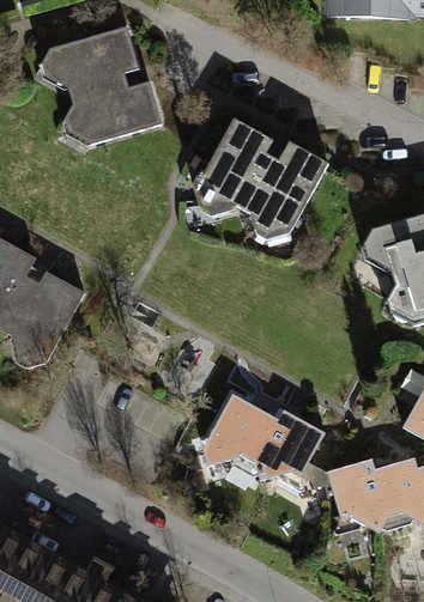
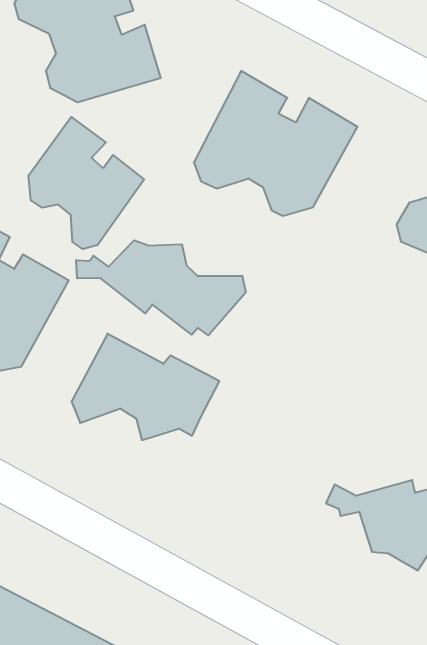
building: none -> [28,117,144,249]
building: none -> [76,240,246,335]
building: [200,393,323,481] -> [71,334,219,440]

